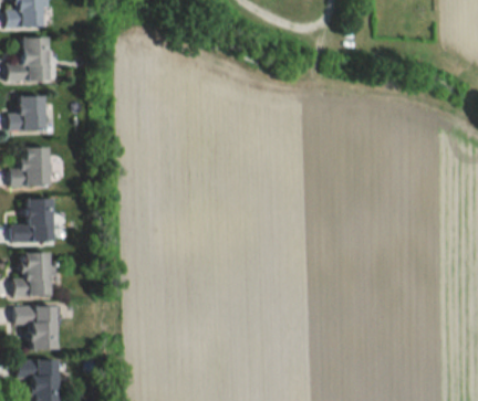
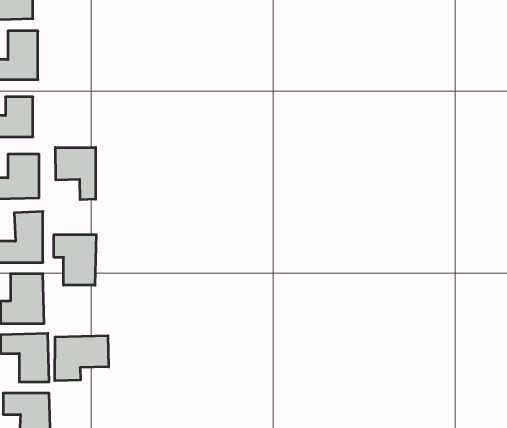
building: none -> [55,147,96,200]
building: none -> [54,235,96,285]
building: none -> [55,336,109,381]

